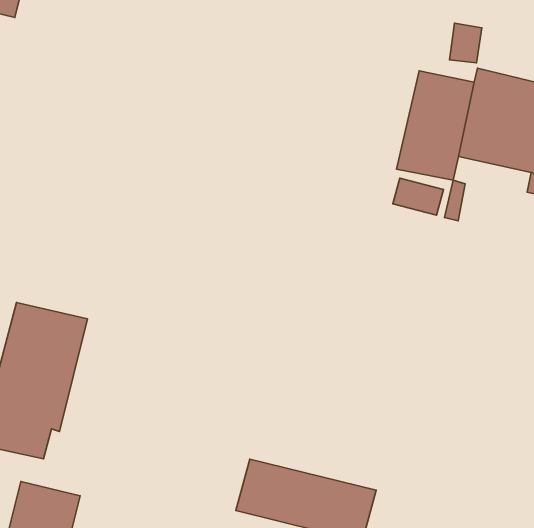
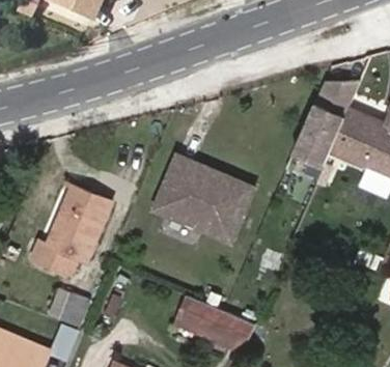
building: none -> [152,152,256,243]

